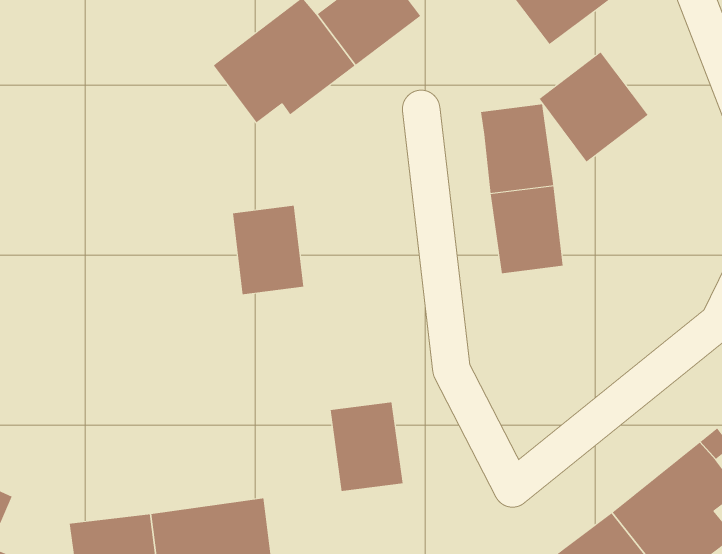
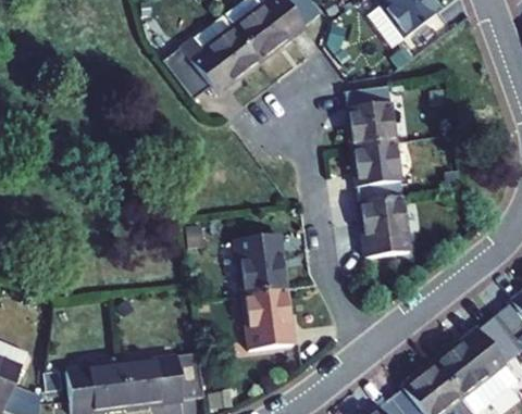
building: [539,51,648,162] -> none
building: [232,205,304,295] -> [237,233,286,293]
building: none -> [360,196,410,256]

